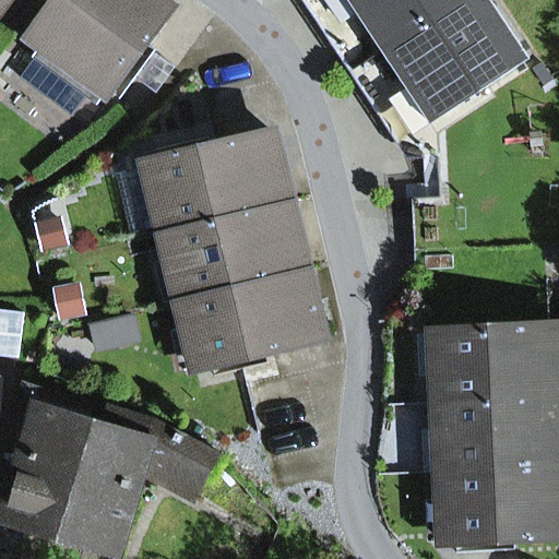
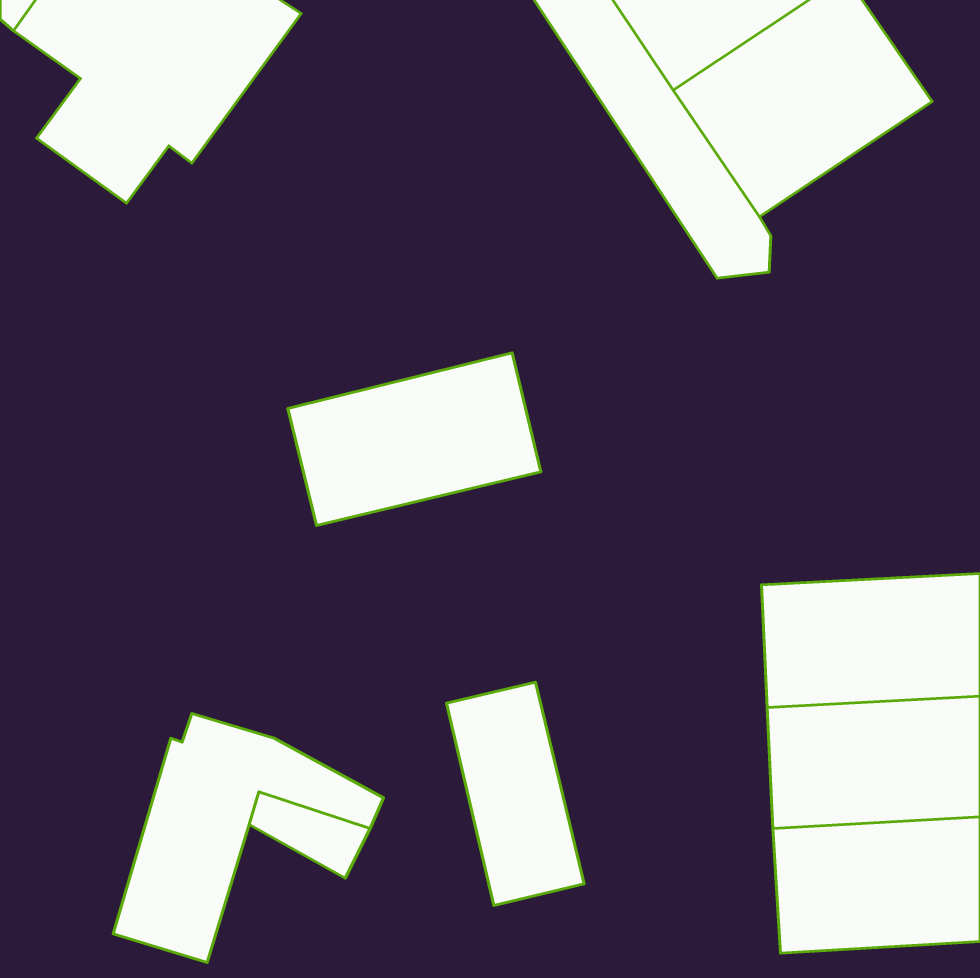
building: [147,133,292,233] -> none
building: [180,269,324,368] -> none
building: [11,384,97,532] -> none
building: none -> [446,682,584,905]

